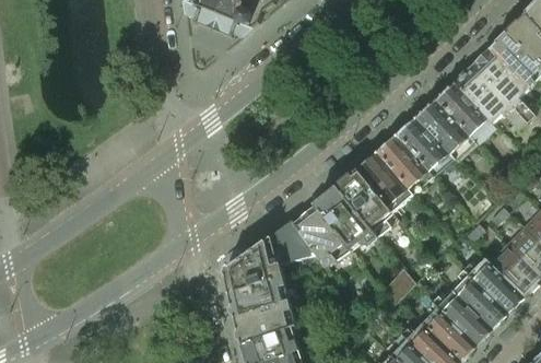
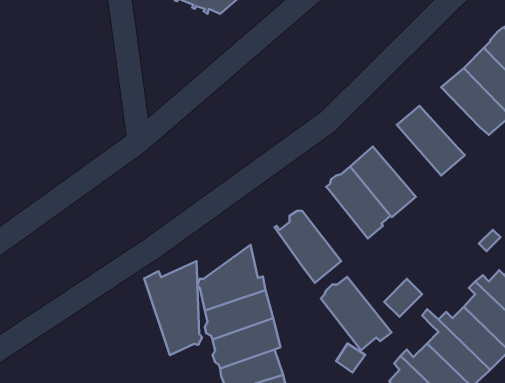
building: [414,101,475,162] -> none
building: [374,133,433,196] -> none
building: [313,189,374,253] -> [321,277,391,350]
building: [268,222,313,266] -> none
building: none -> [144,261,202,355]

